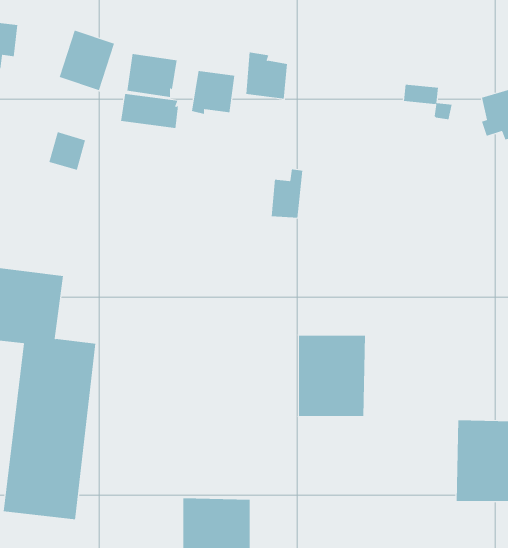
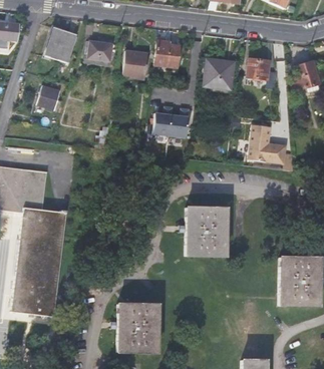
building: none -> [205,59,234,86]
building: [120,93,178,129] -> none
building: none -> [152,106,173,136]
building: none -> [247,124,284,162]

